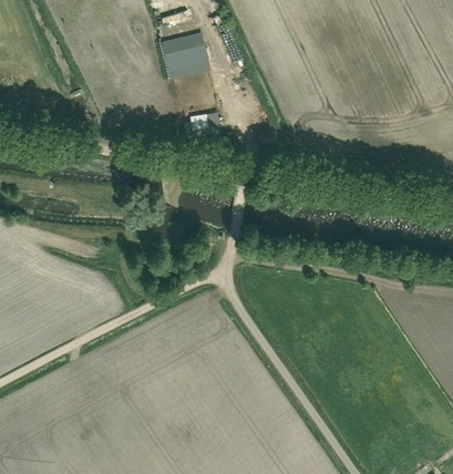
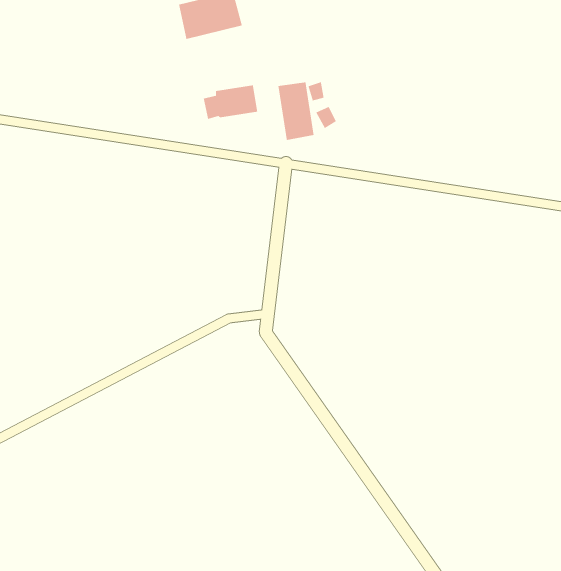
building: none -> [277,81,315,141]

